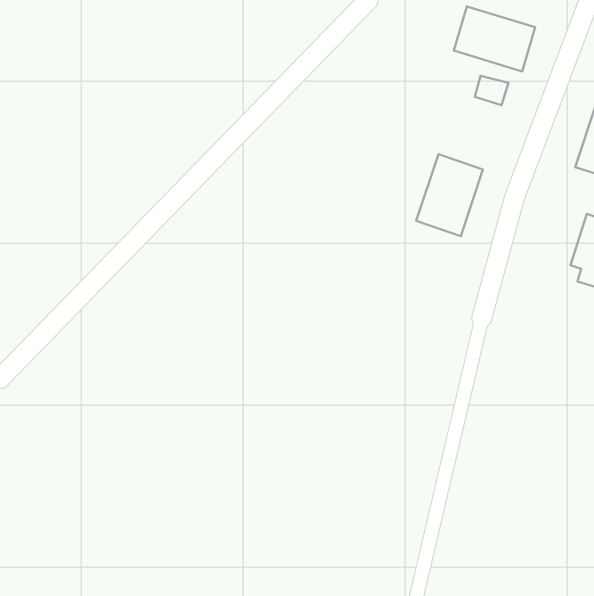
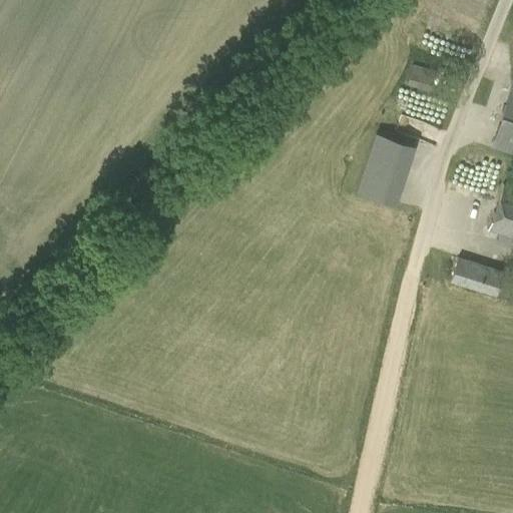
building: [454,7,535,71] -> none
building: none -> [442,253,506,298]

